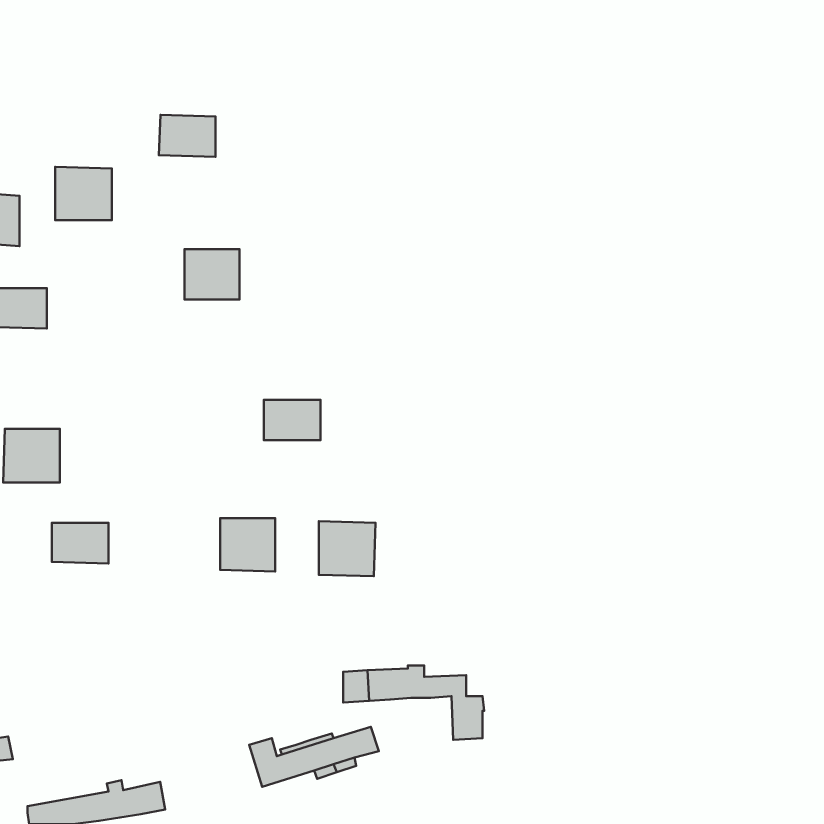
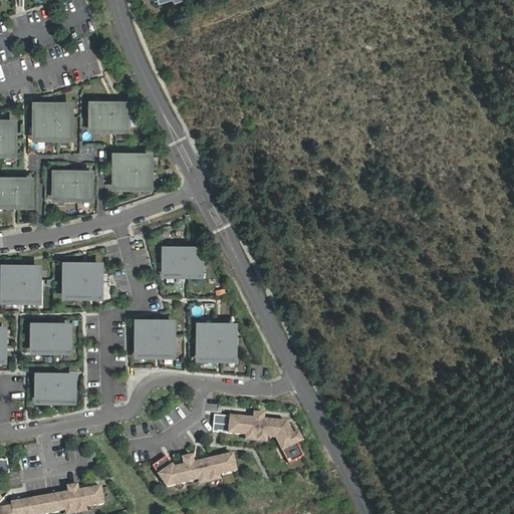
building: [159,115,215,157] -> [90,102,125,128]
building: none -> [54,172,89,197]
building: none -> [64,264,98,295]
building: none -> [36,374,72,400]

